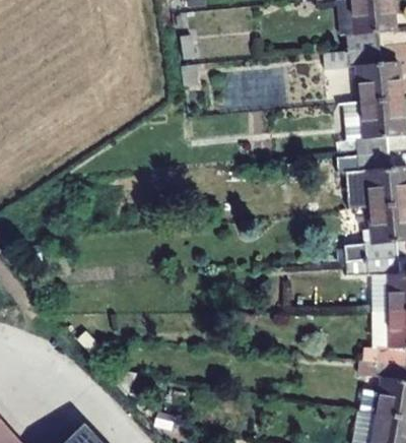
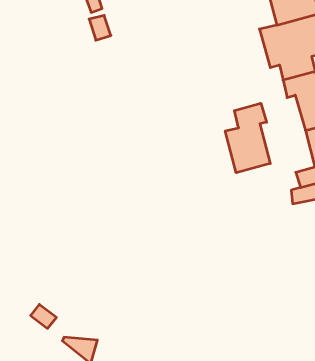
building: none -> [225,103,270,173]

